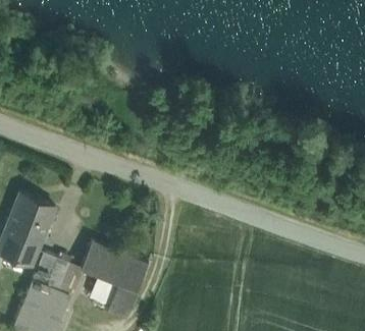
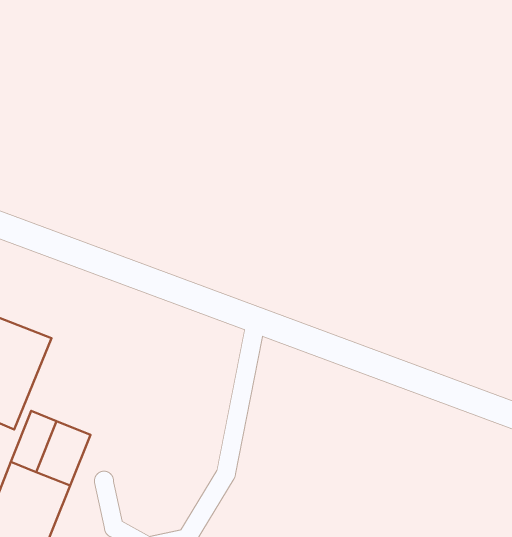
building: [82,240,149,318] -> none

